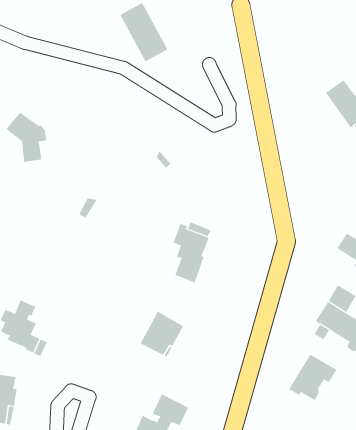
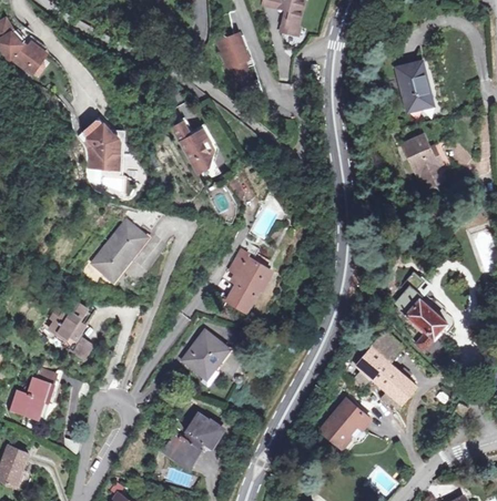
building: none -> [397,62,429,112]
building: none -> [172,121,211,171]
building: none -> [92,221,146,279]

